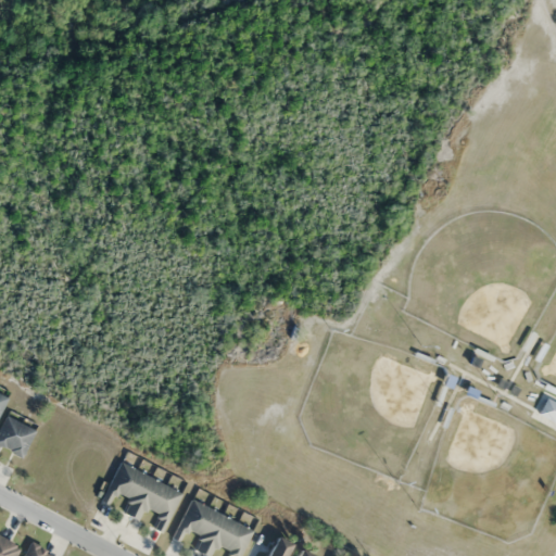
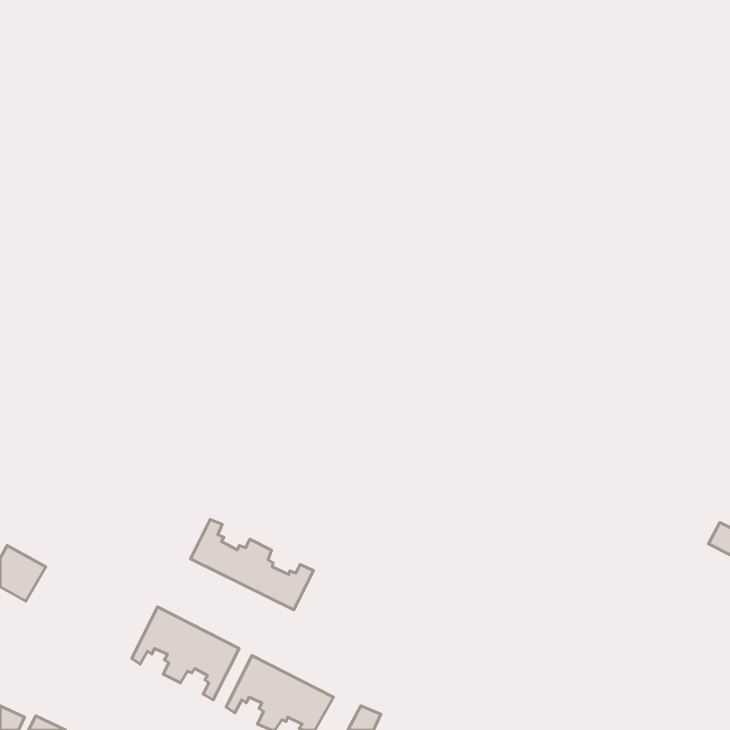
building: none -> [190,519,314,610]

